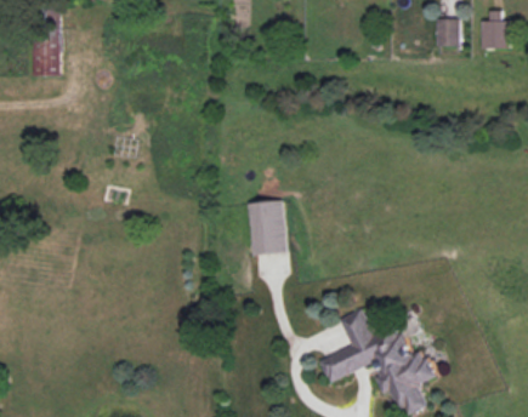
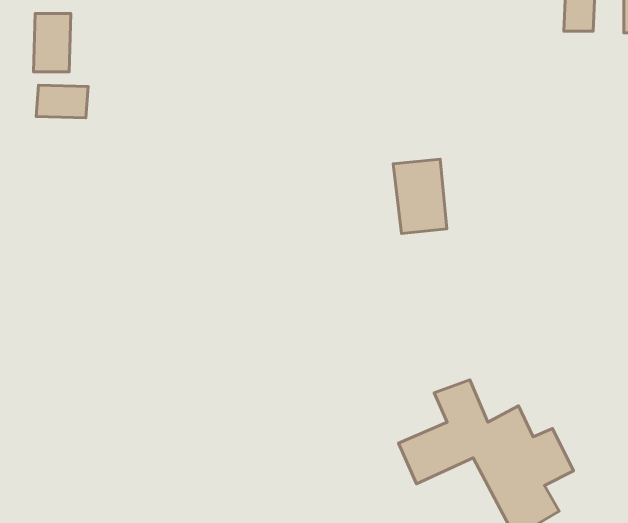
building: none -> [36,85,88,118]
building: [250,202,290,258] -> [393,159,447,234]

